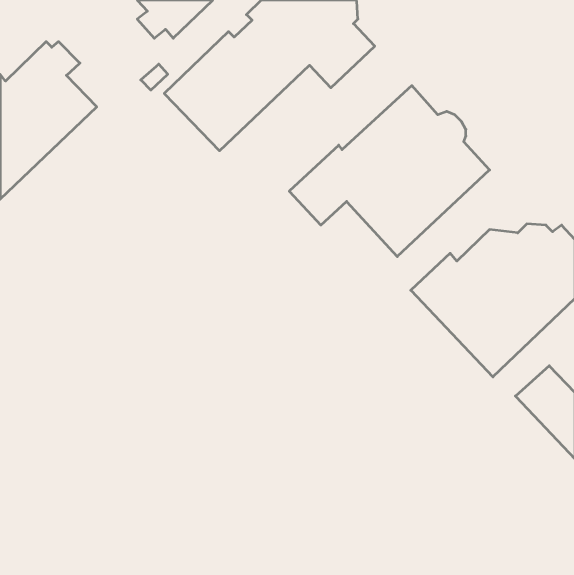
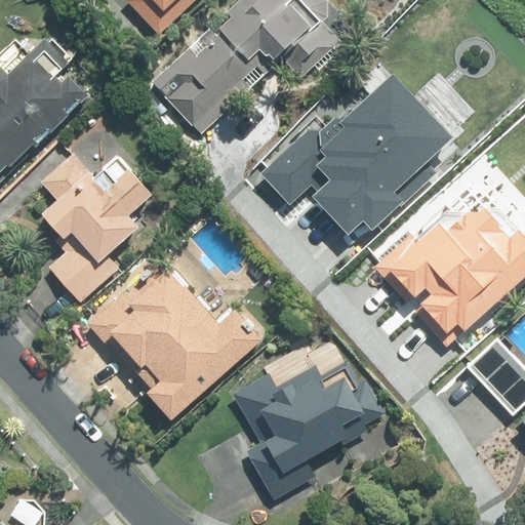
building: none -> [36,153,146,300]
building: none -> [91,258,260,419]
building: none -> [231,363,381,500]

